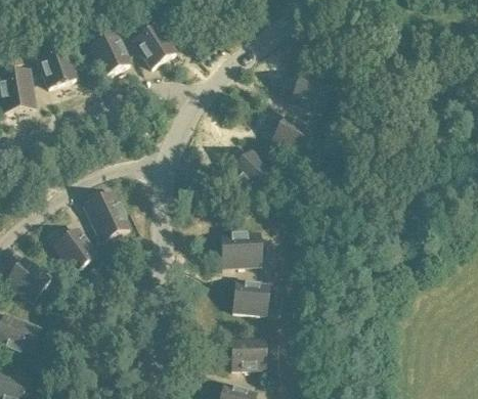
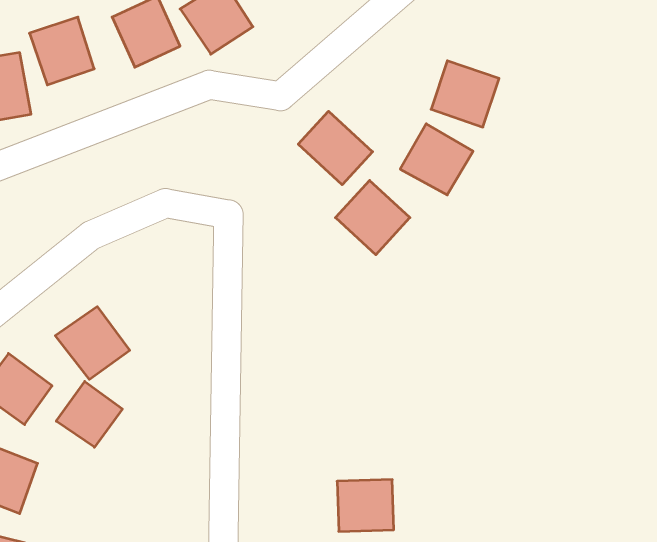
building: none -> [298,111,373,185]
building: [84,190,132,241] -> none
building: [219,230,262,266] -> none
building: none -> [56,381,122,447]
building: [231,279,269,315] -> none

